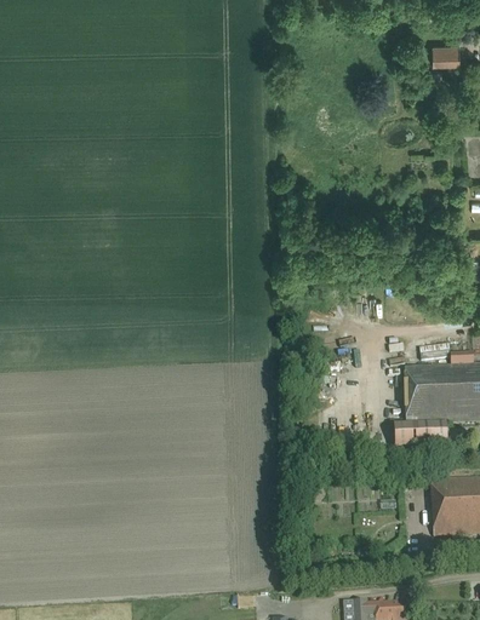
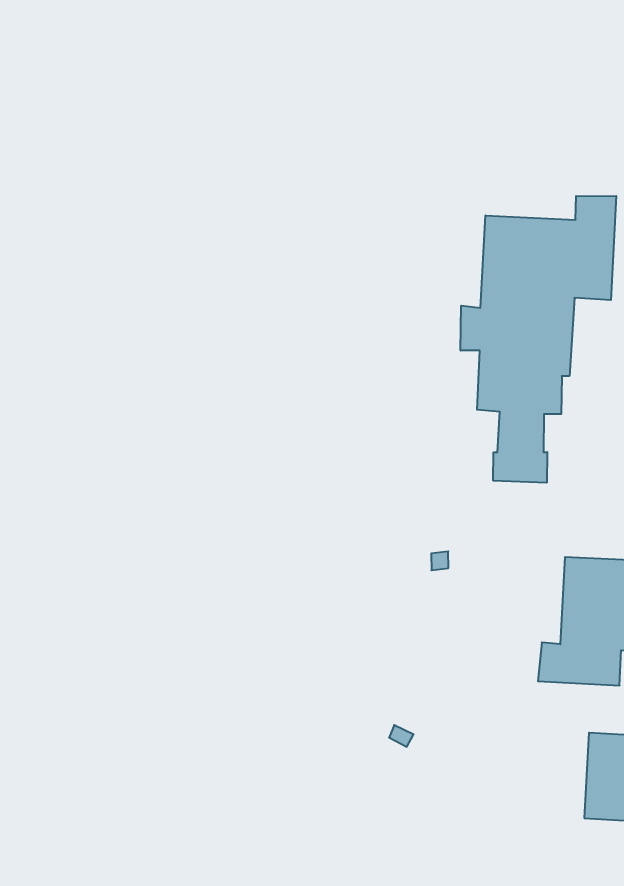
building: none -> [461,196,616,483]

